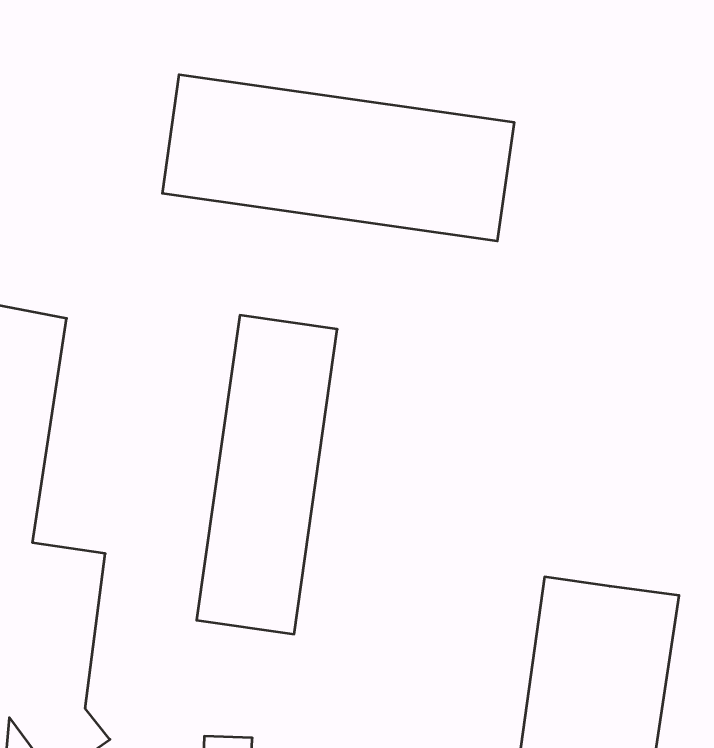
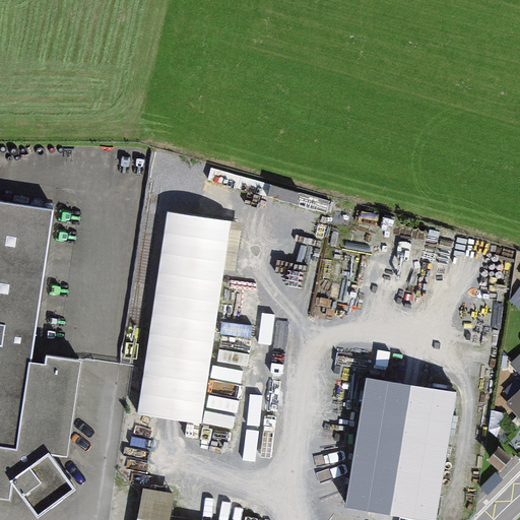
building: [162,75,514,241] -> none

